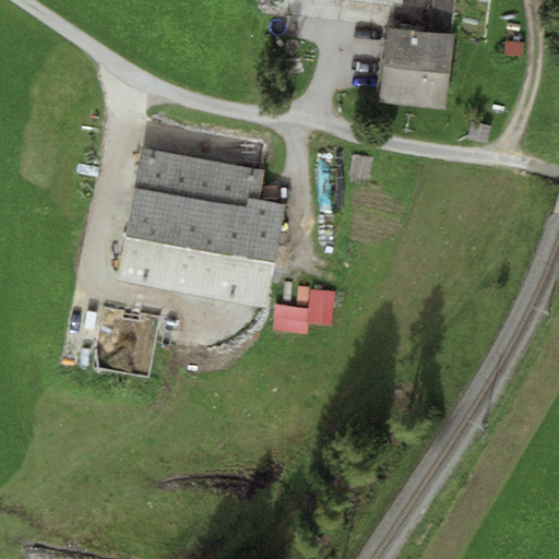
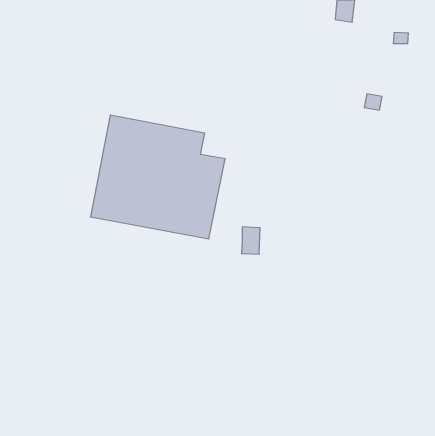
building: [378,28,453,111] -> none
building: [272,305,310,334] -> none

